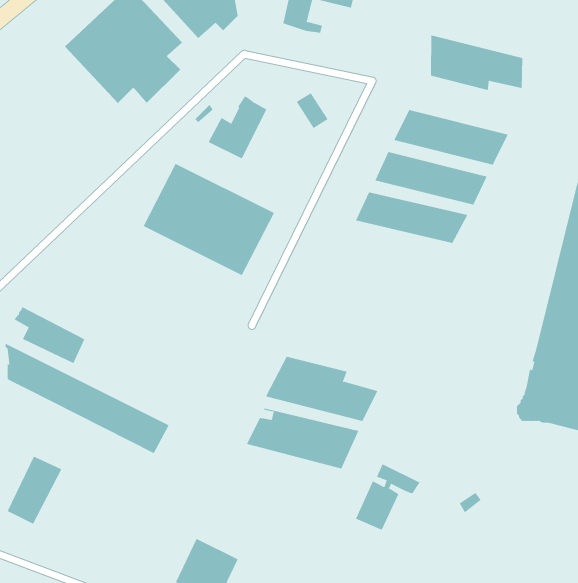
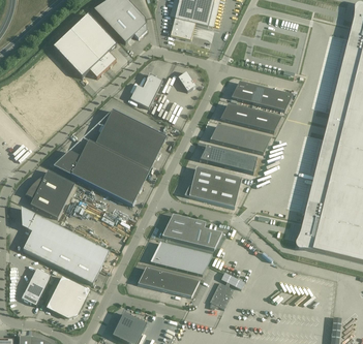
building: [431,35,523,91] -> none
building: none -> [54,139,149,205]
building: none -> [200,145,256,171]
building: none -> [184,165,242,207]
building: none -> [30,169,74,204]
building: none -> [23,230,101,283]
building: none -> [138,265,200,295]
building: none -> [47,275,90,316]

